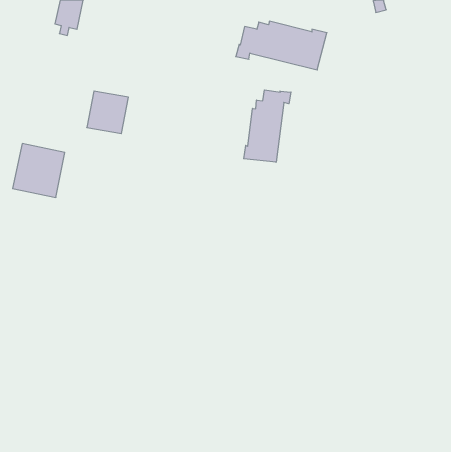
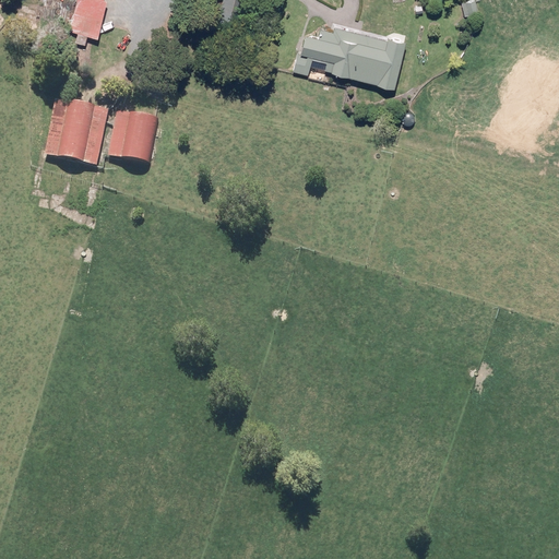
building: [244,90,291,162] -> none
building: [13,144,65,197] -> [45,100,109,167]

